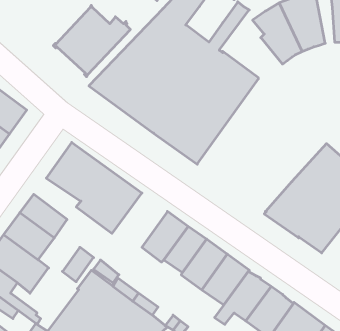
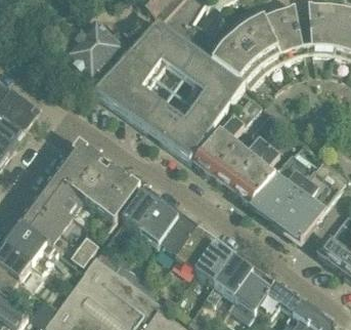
building: none -> [212,37,265,87]
building: none -> [192,96,282,202]
building: none -> [44,172,86,209]
building: none -> [121,189,163,234]

